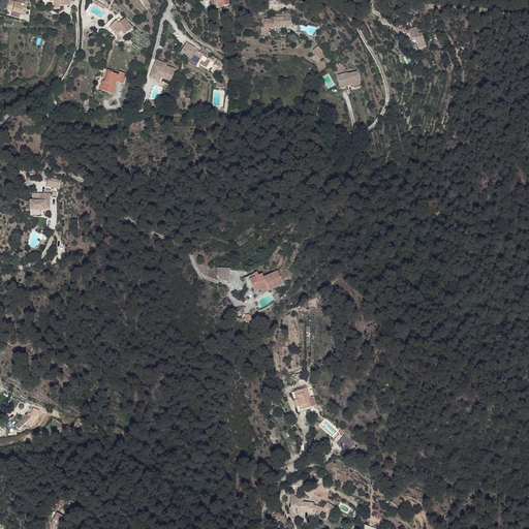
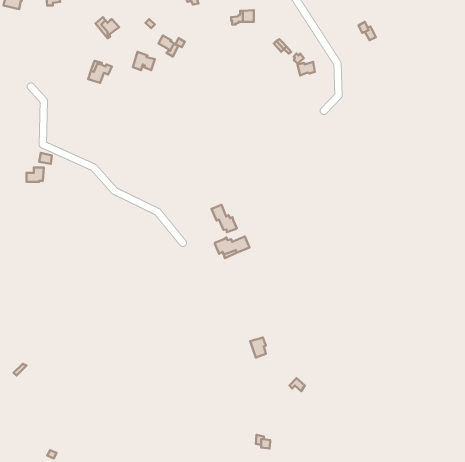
building: none -> [212,205,237,232]

